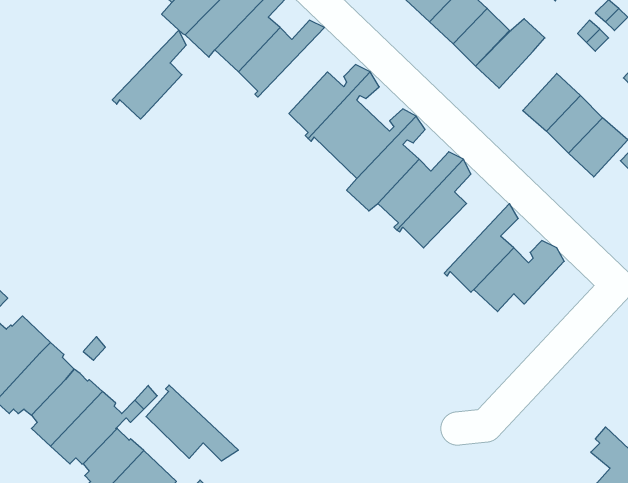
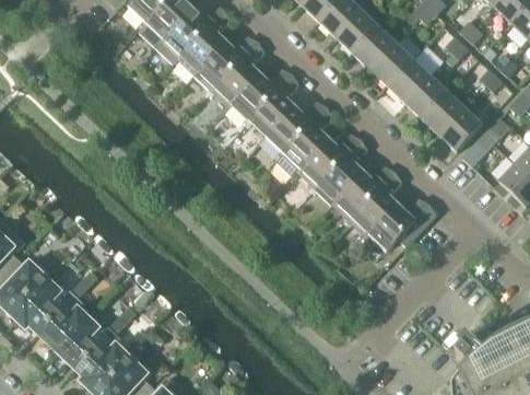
building: [112,30,186,119] -> [209,40,263,106]
building: none -> [387,44,443,102]
building: none -> [331,165,394,222]
building: [146,385,238,461] -> none

